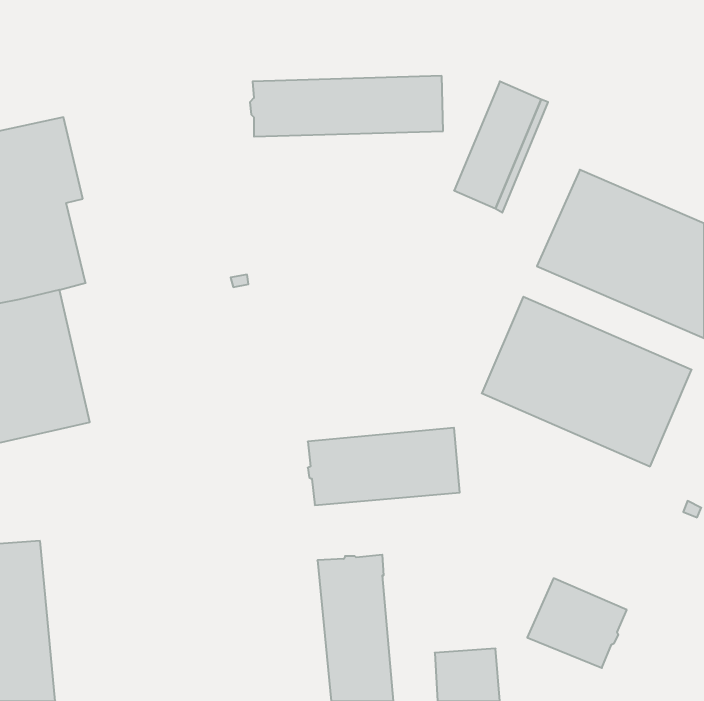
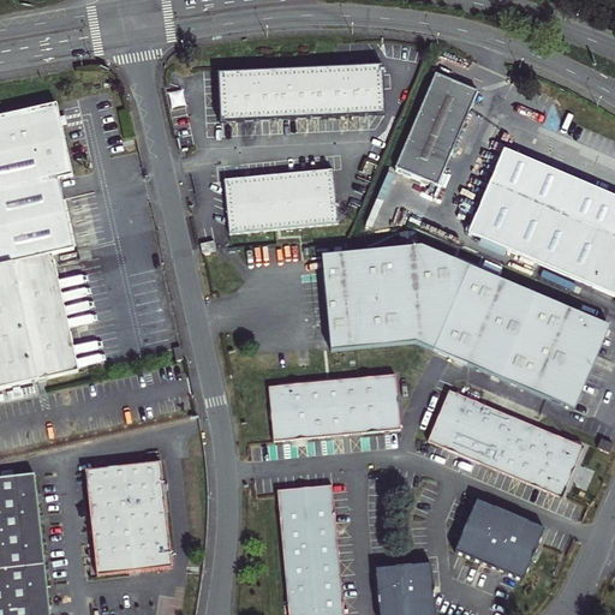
building: none -> [223,167,338,232]
building: none -> [321,244,455,347]
building: none -> [425,387,580,496]
building: none -> [82,458,171,571]

